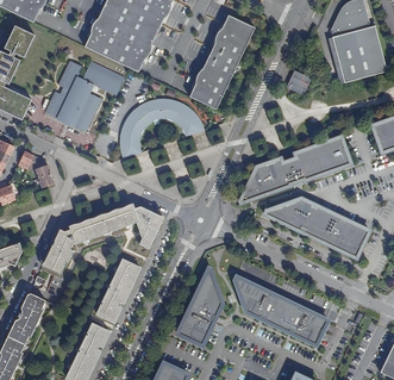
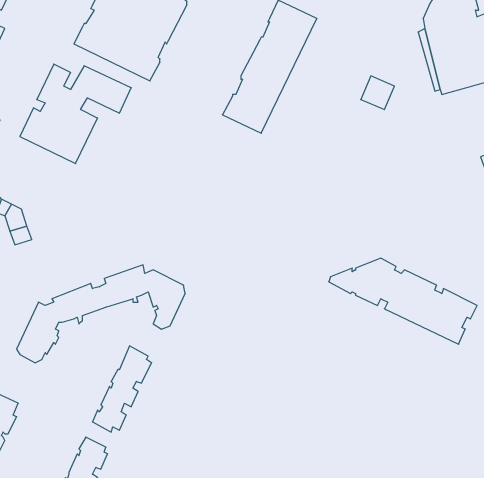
building: [118,100,204,158] -> none
building: [239,136,349,201] -> none
building: [176,268,220,345] -> none
building: [234,275,327,344] -> none

